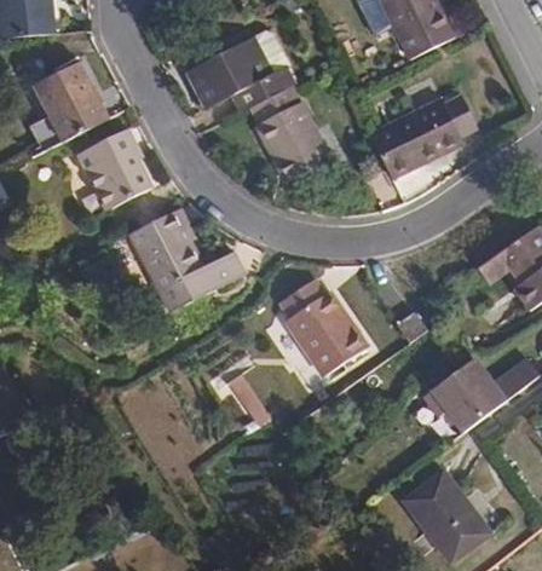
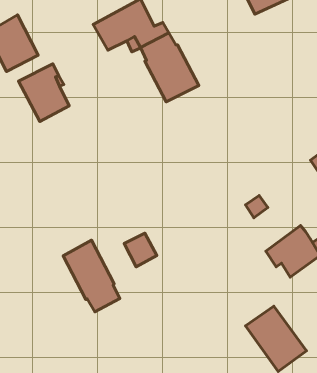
building: [370,91,482,178] -> none
building: [129,207,237,316] -> none
building: [282,279,369,379] -> none
building: none -> [63,240,120,312]

